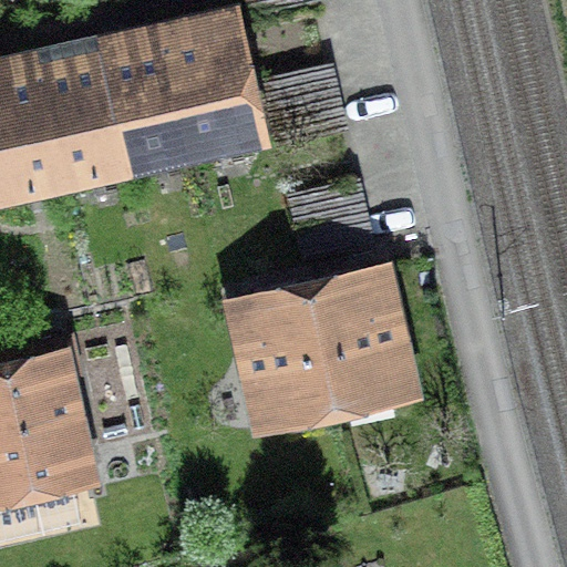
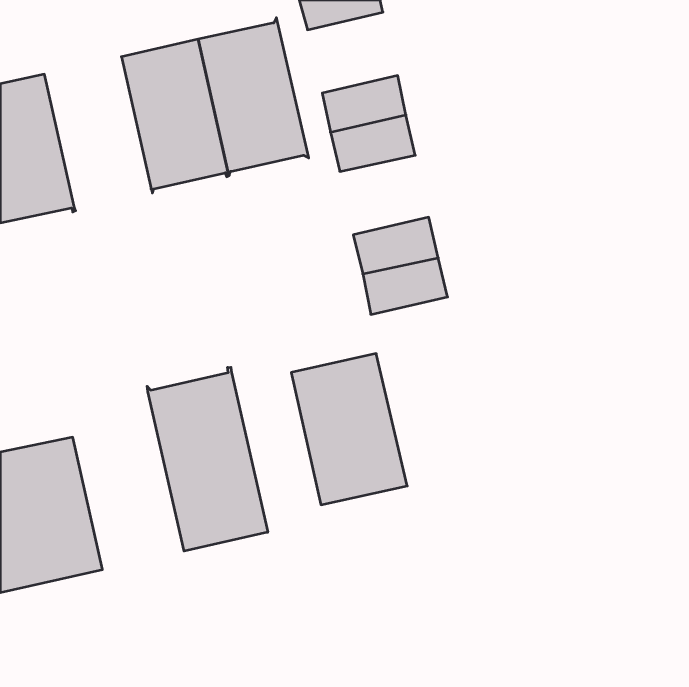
building: [37,49,125,175] -> none
building: [309,277,405,401] -> none
building: none -> [147,367,268,551]

